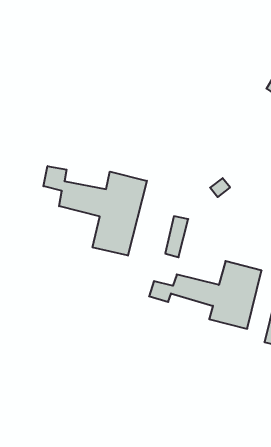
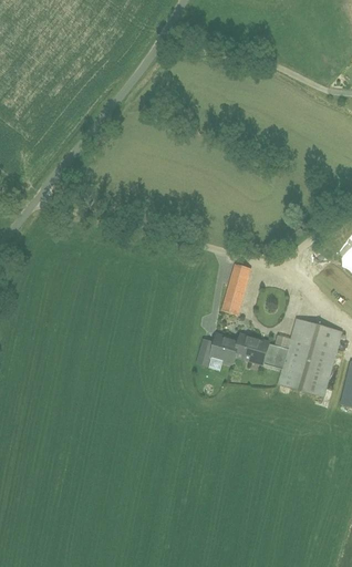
building: [43,166,147,256] -> none

